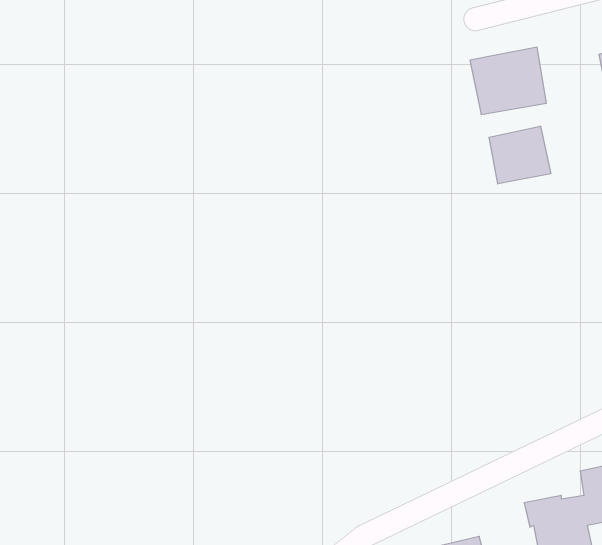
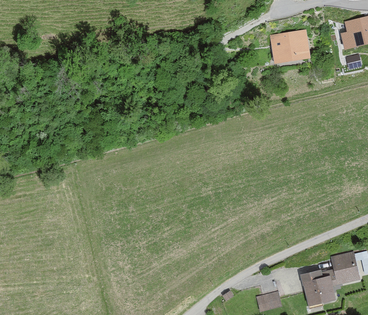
building: [489,126,551,184] -> none

